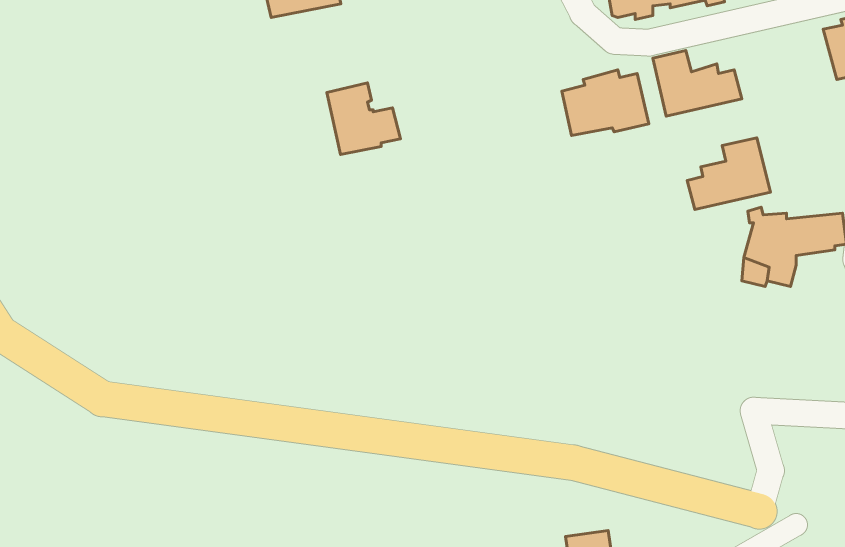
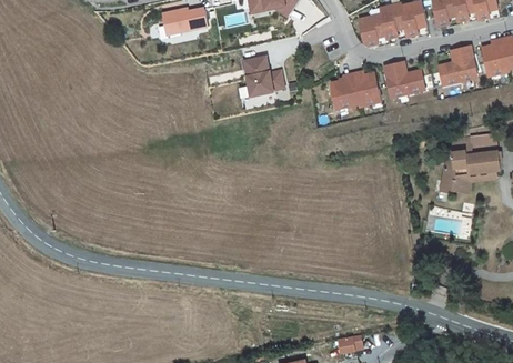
building: [327,83,400,154] -> [239,52,281,93]
building: [687,138,771,210] -> [432,46,480,87]

